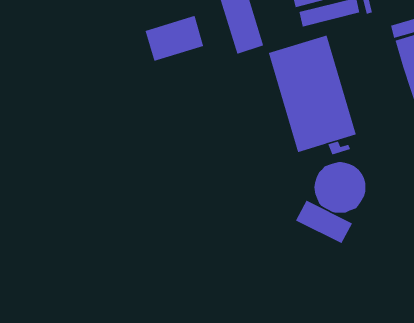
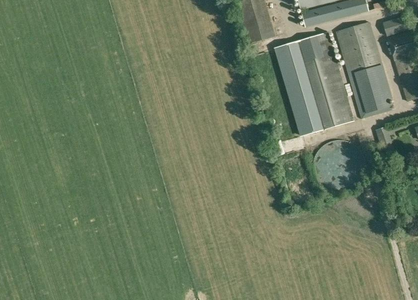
building: [145,15,204,62] -> none
building: none -> [336,20,390,117]
building: [295,200,353,244] -> none

